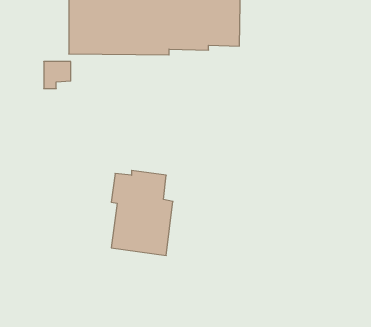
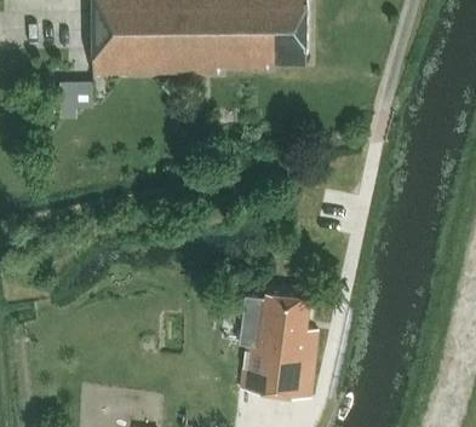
building: [111,170,173,255] -> [240,290,317,397]

